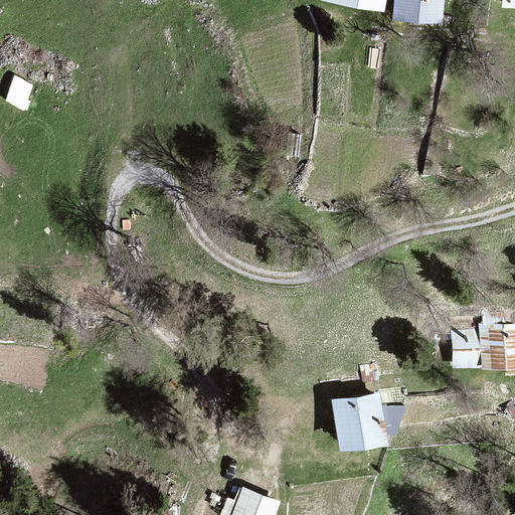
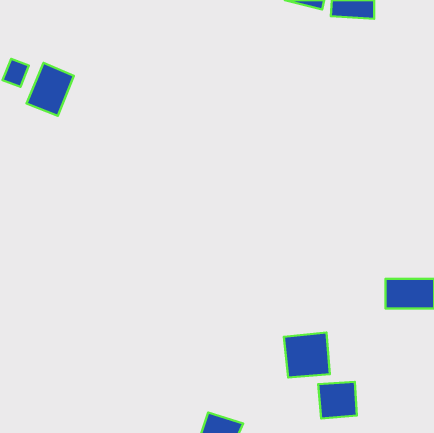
building: none -> [27,63,74,116]
building: none -> [318,382,357,418]

